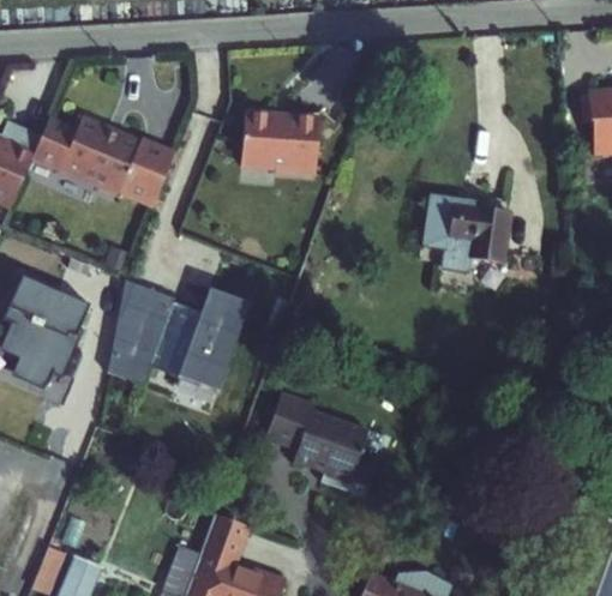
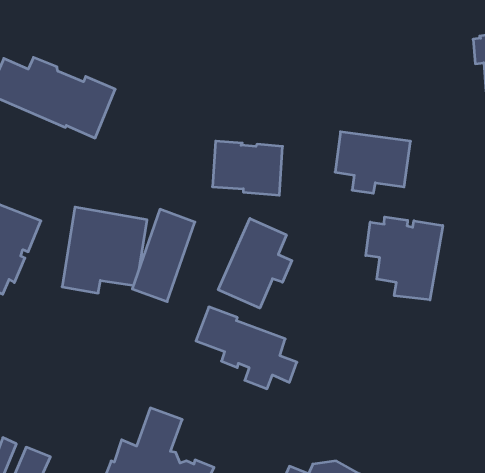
building: [239,113,318,174] -> [212,141,283,195]
building: none -> [366,217,443,300]
building: none -> [218,218,292,308]

